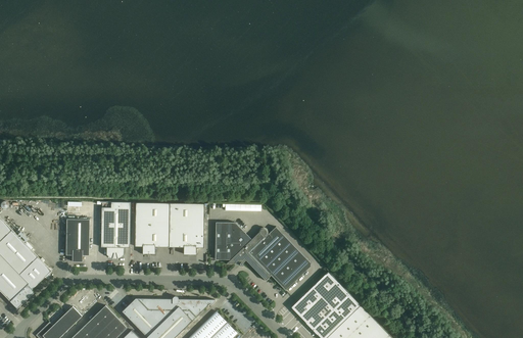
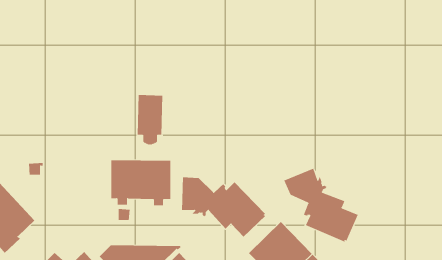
building: [100,201,130,258] -> [137,94,163,145]
building: none -> [284,168,358,243]
building: [65,219,89,261] -> none

